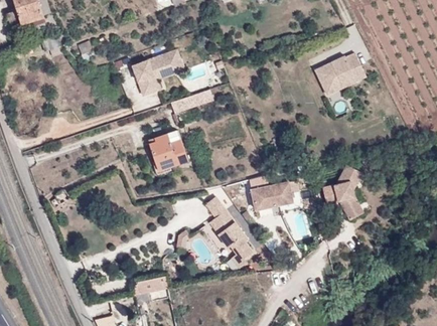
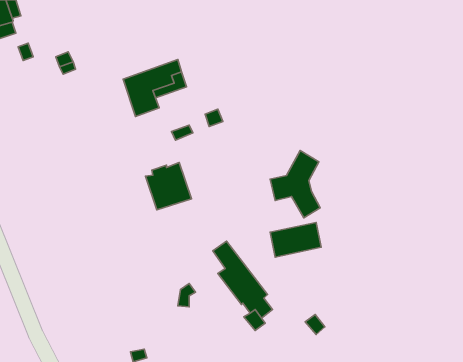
building: [314,51,367,95] -> none
building: [322,164,362,218] -> [270,151,320,218]

